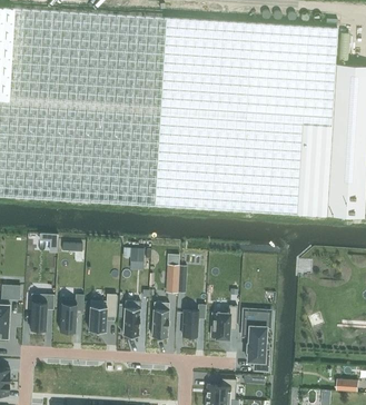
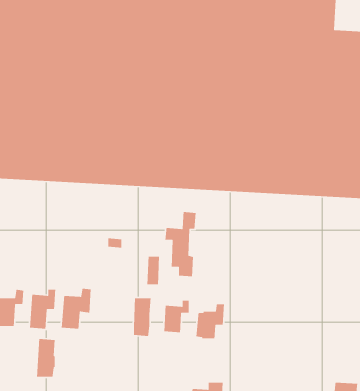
building: [122,302,140,337] -> [36,338,56,377]
building: [240,312,269,372] -> [165,211,196,277]

